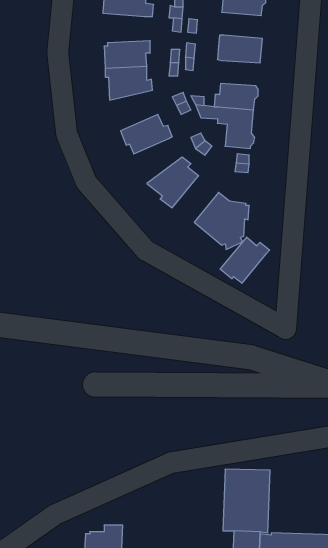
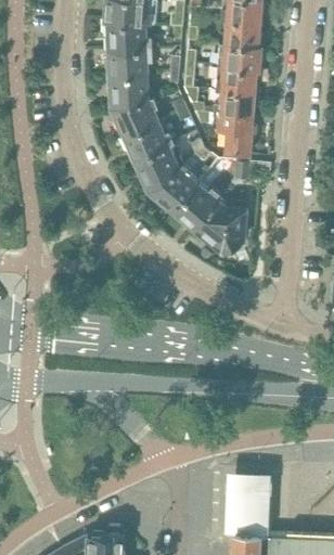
building: none -> [221,23,264,49]
building: none -> [105,24,152,53]
building: none -> [217,69,260,95]
building: none -> [112,100,159,140]
building: none -> [132,147,183,192]
building: [220,237,270,283] -> [174,184,222,230]

